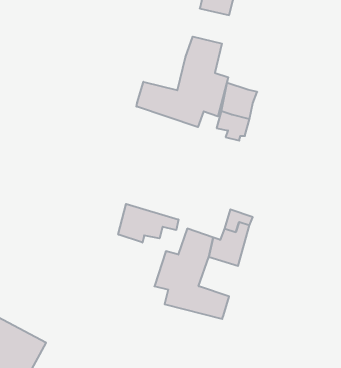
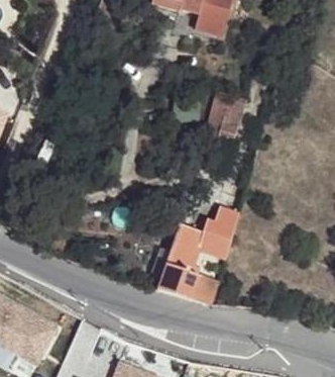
building: [136,37,228,127] -> none
building: [118,204,178,243] -> none

